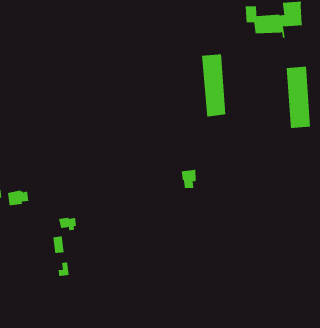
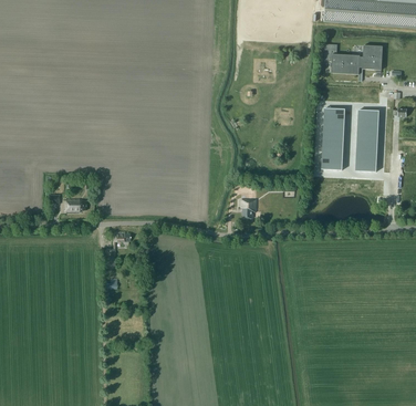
building: [201,54,226,117] -> [321,106,344,168]

